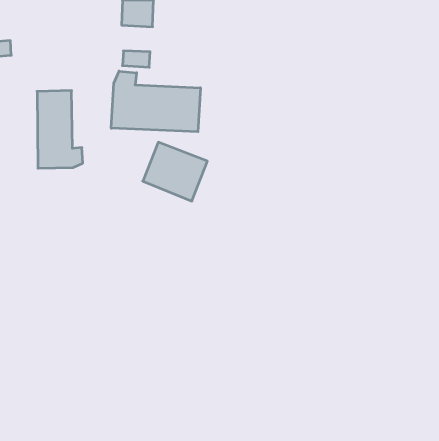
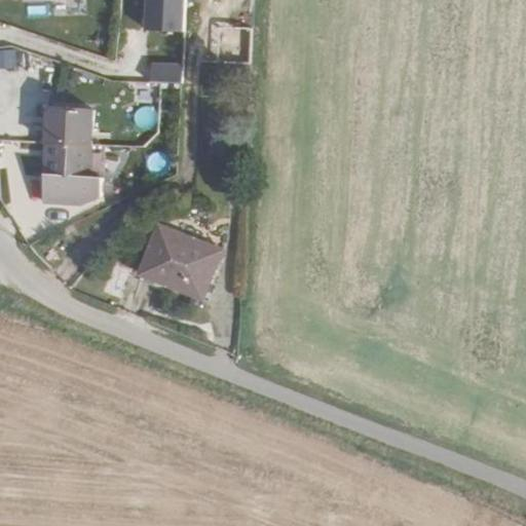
building: [111,71,200,132] -> none
building: [143,142,207,201] -> [142,226,219,296]

